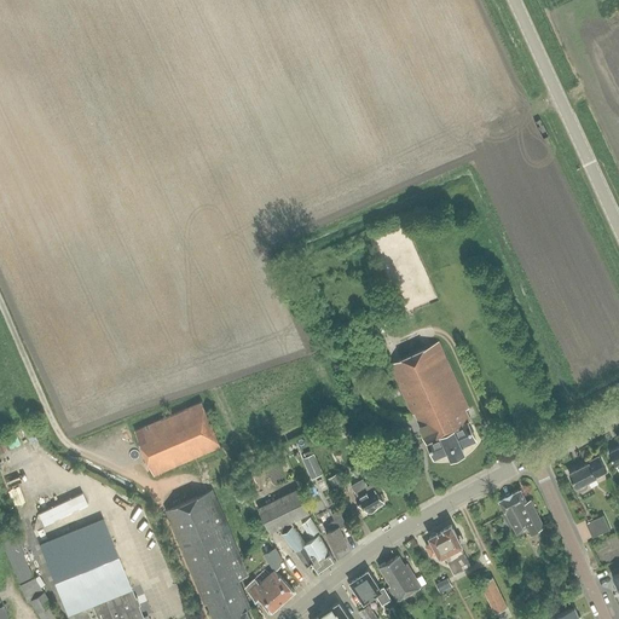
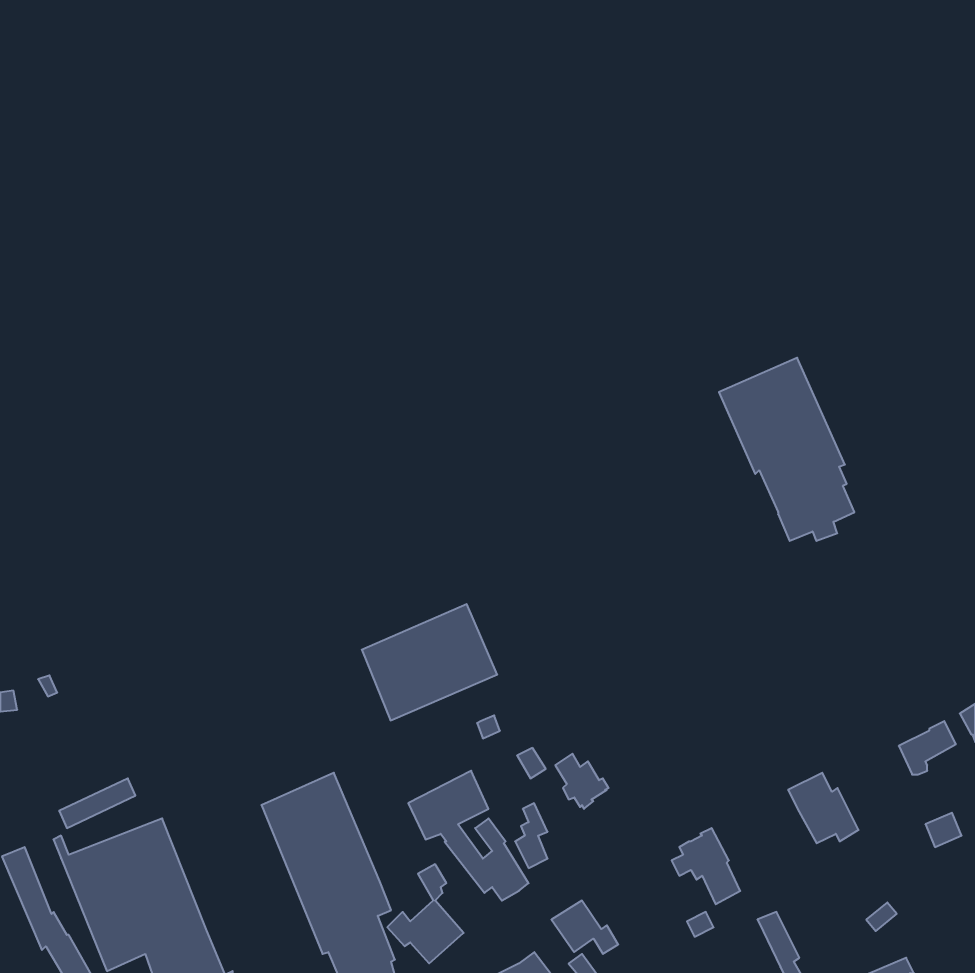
building: [389,343,475,459] -> [719,358,854,541]
building: [135,403,221,476] -> [362,604,497,720]
building: [378,556,421,602] -> none

